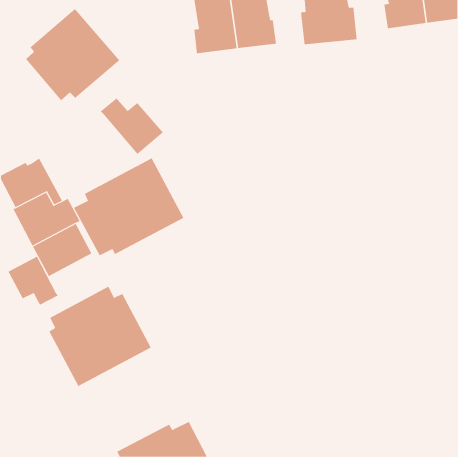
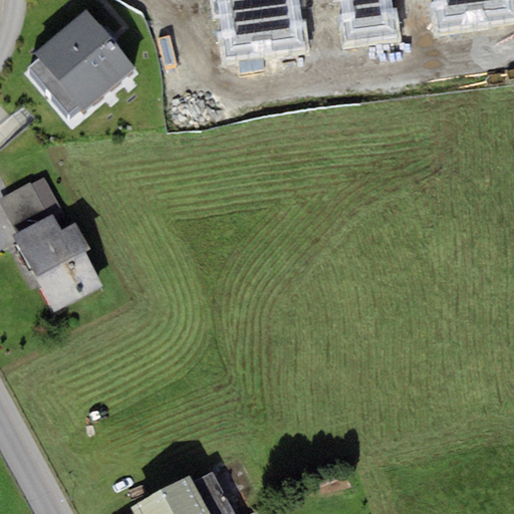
building: [100,97,164,155] -> none
building: [73,157,184,256] -> none
building: [7,256,58,305] -> none
building: [48,286,152,387] -> none

